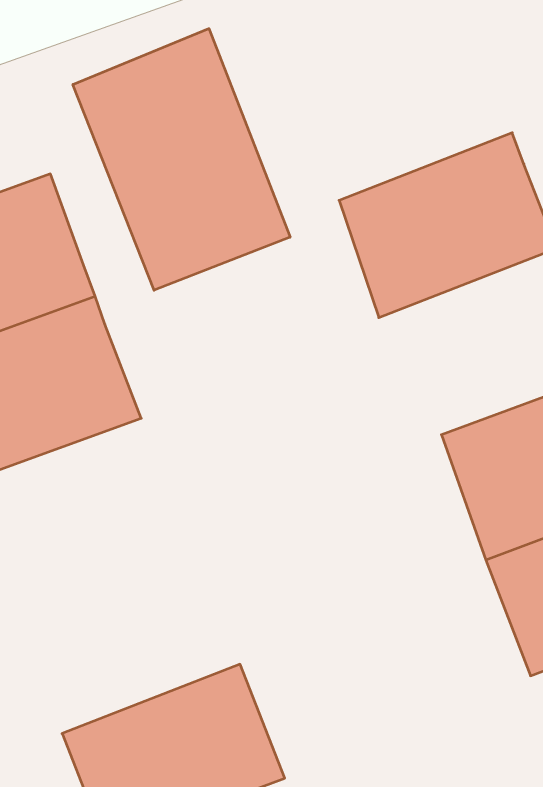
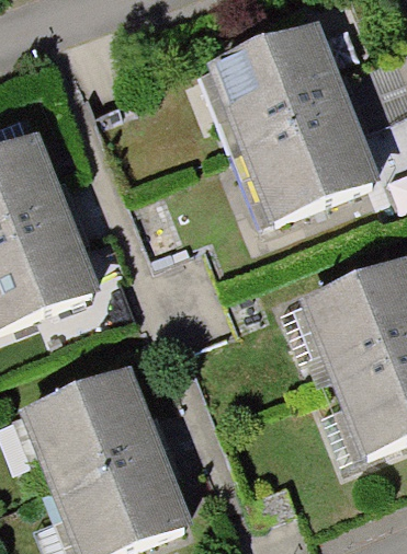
building: none -> [199,18,346,143]
building: [73,29,290,290] -> none
building: none -> [13,365,165,497]

